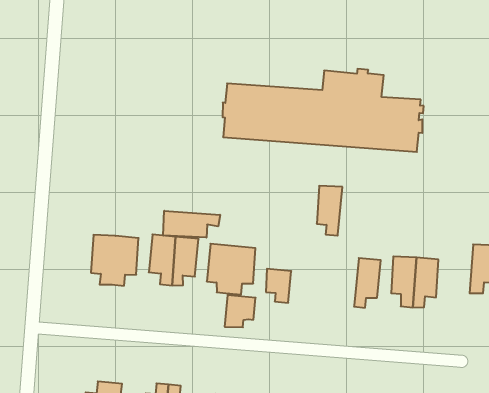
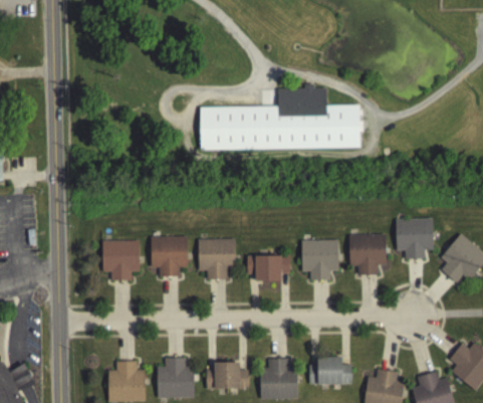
building: [317,186,342,236] -> [301,239,320,279]
building: [163,211,220,238] -> none
building: none -> [396,219,414,259]
building: [225,295,256,327] -> [266,255,289,281]

